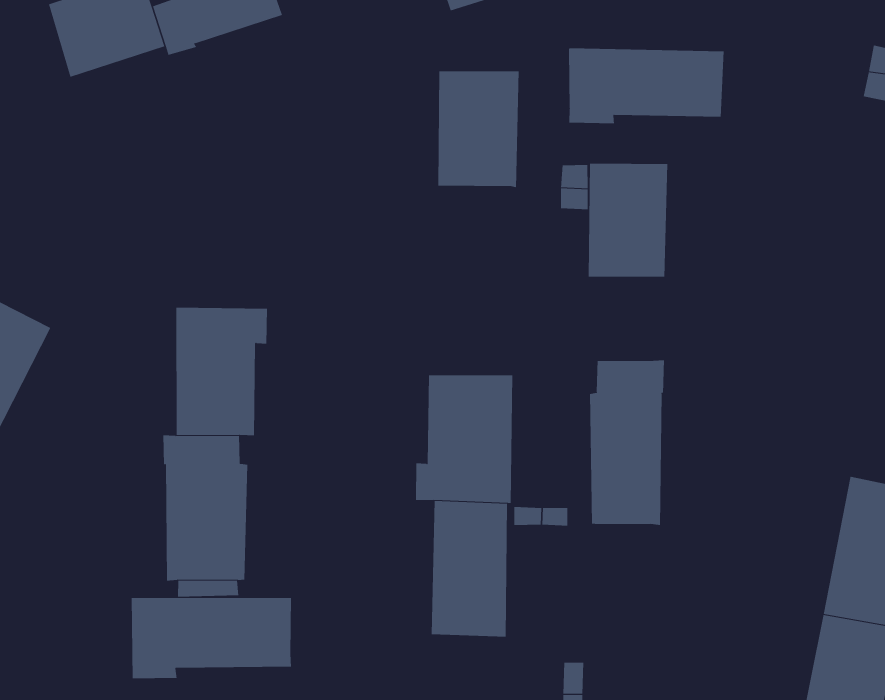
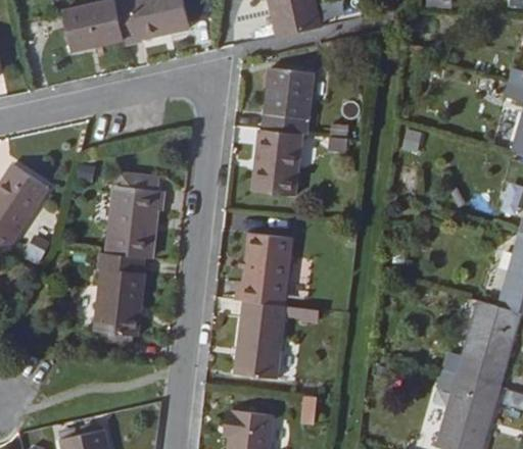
building: [568,47,724,124] -> none
building: [588,163,668,277] -> [254,129,303,194]
building: [590,359,665,526] -> none
building: [131,597,292,679] -> none

